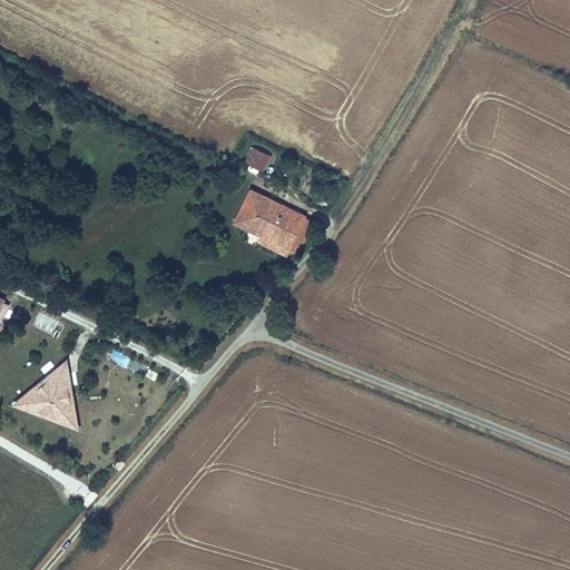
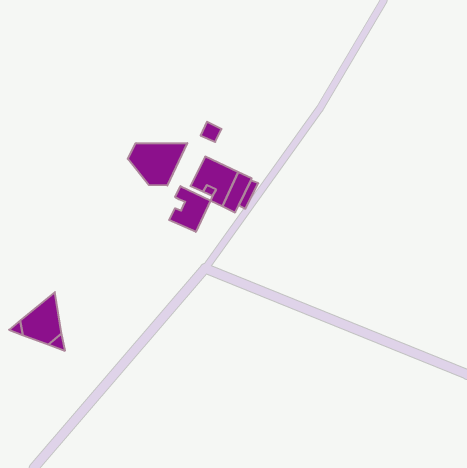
building: none -> [128,143,187,186]
building: none -> [169,186,211,232]

